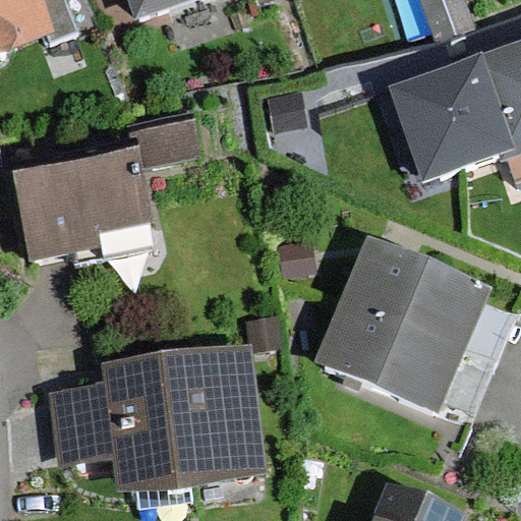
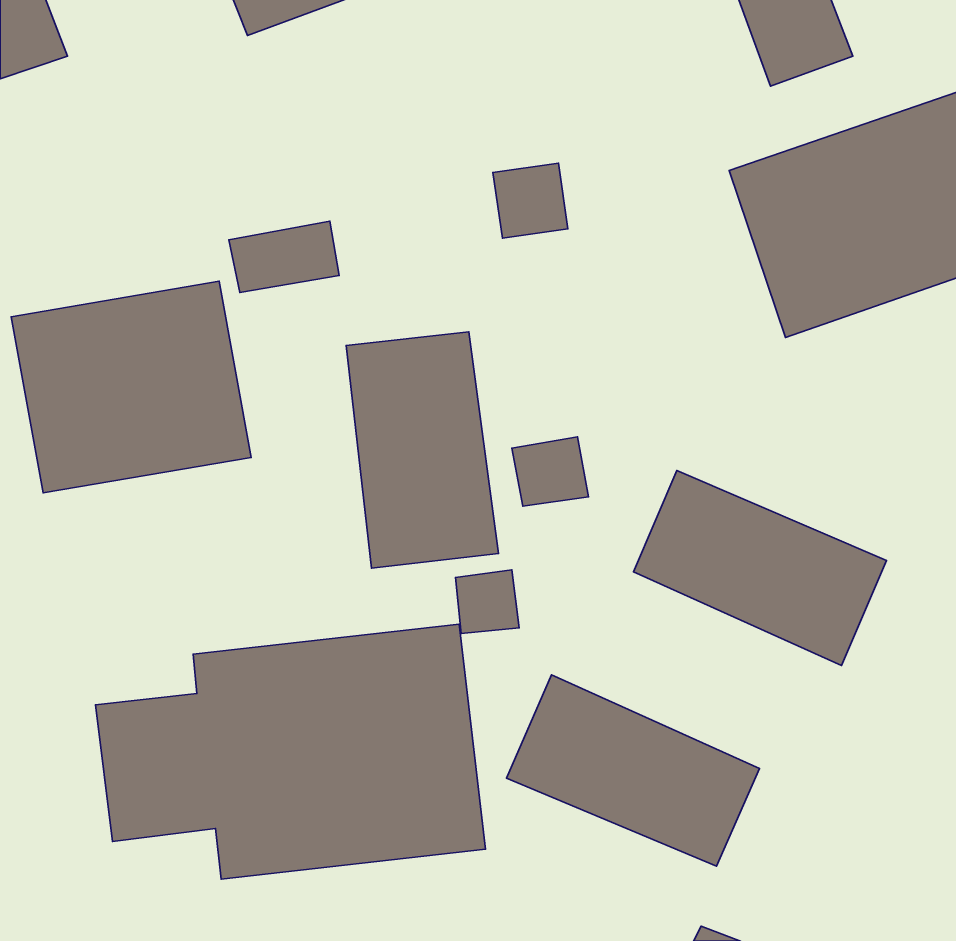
building: none -> [346,332,499,568]
building: [321,310,458,414] -> [506,675,760,866]

